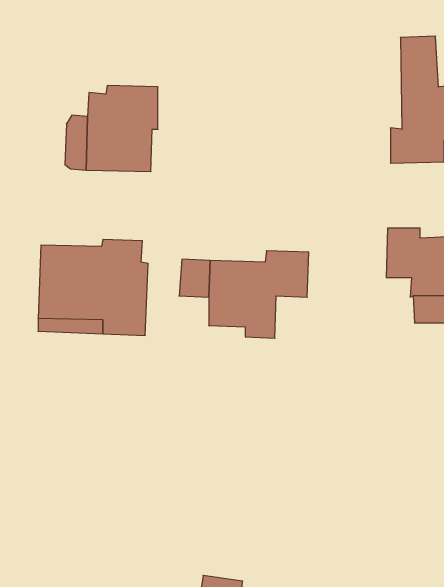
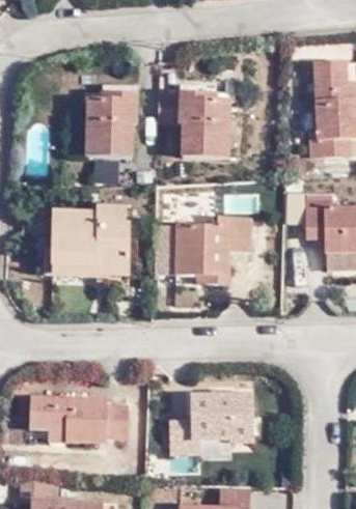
building: none -> [159,93,227,159]
building: none -> [30,395,127,443]
building: none -> [169,395,251,453]

